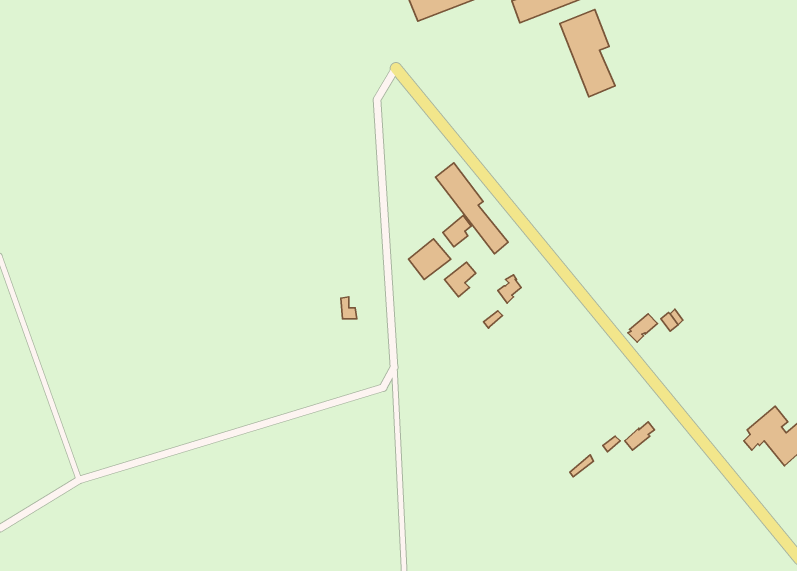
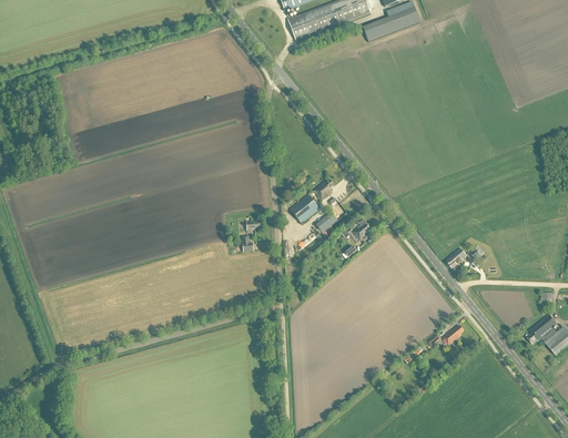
building: [560,10,615,97] -> none
building: [435,163,508,254] -> none

